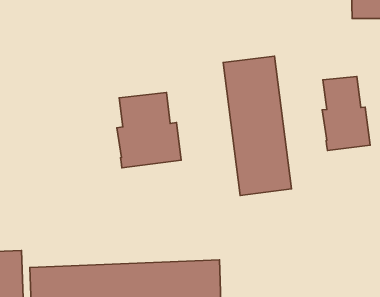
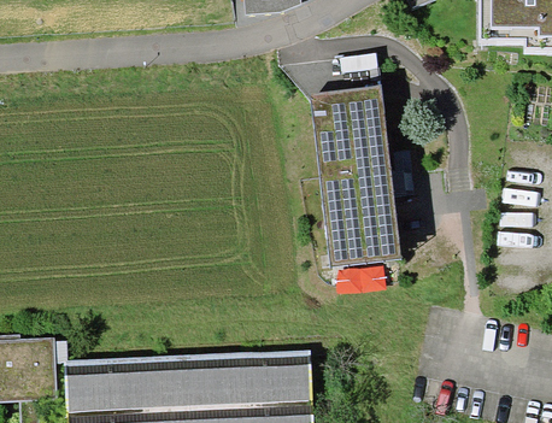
building: [322,76,370,151] -> none
building: [117,93,181,168] -> none

